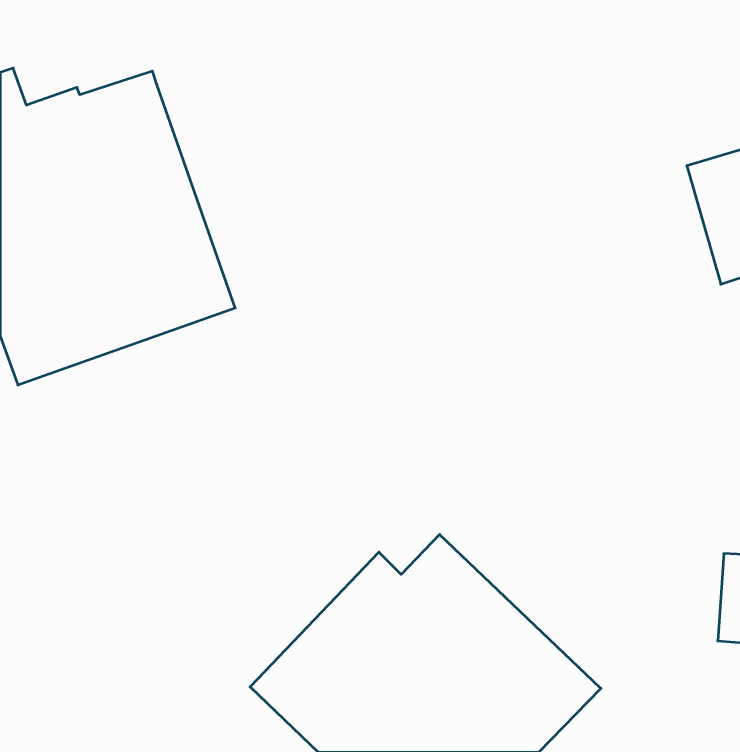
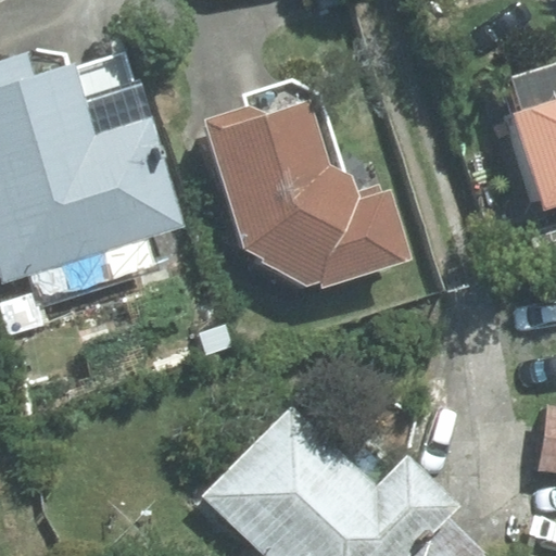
building: none -> [201,94,414,290]

